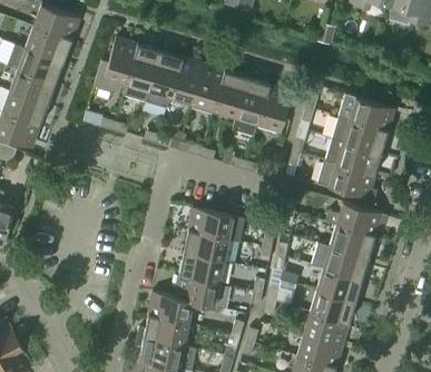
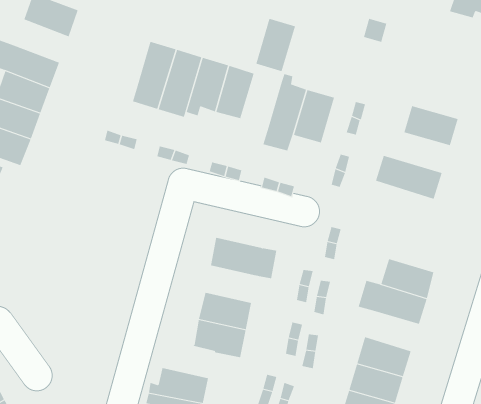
building: [26,27,71,62] -> none
building: [94,38,138,91] -> none
building: [214,71,247,116] -> [255,18,296,72]
building: [332,117,388,154] -> none
building: [316,160,376,200] -> none
building: [326,202,388,236] -> none
building: [184,231,239,264] -> none
building: [316,268,362,302] -> none
building: [148,292,192,324] -> none

